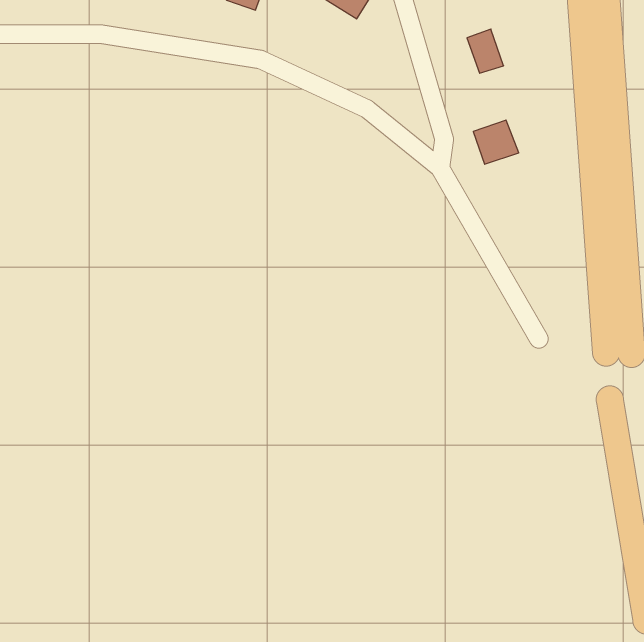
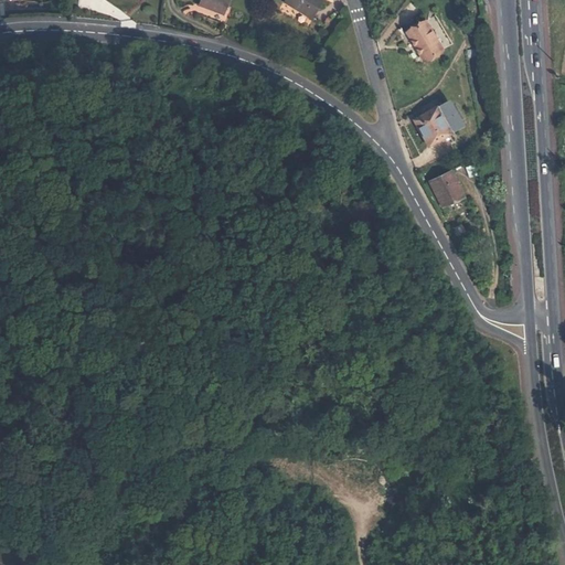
building: none -> [436,167,470,203]

